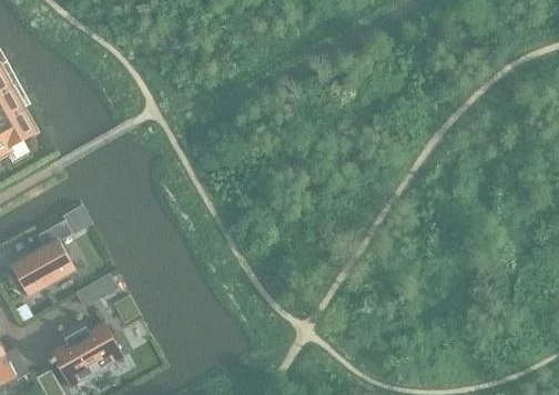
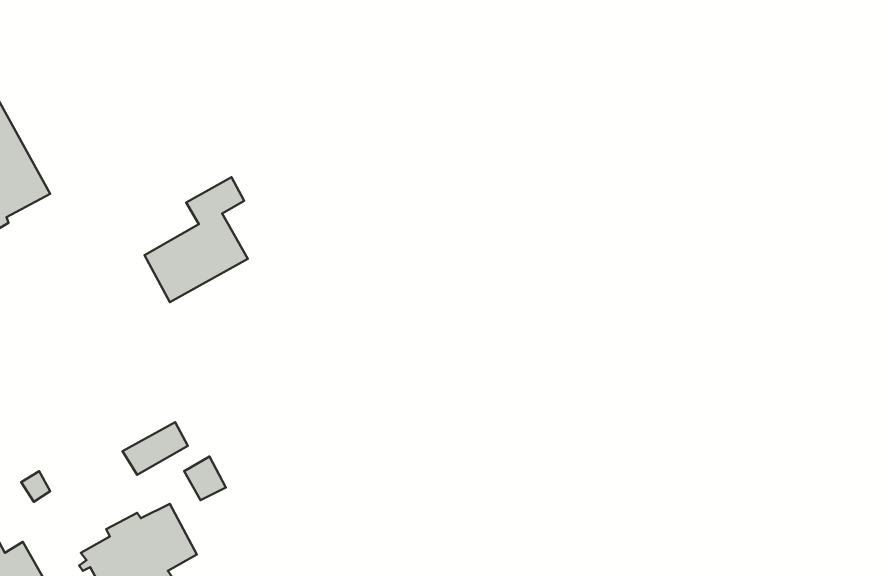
building: [12,220,75,296] -> [144,177,248,302]

